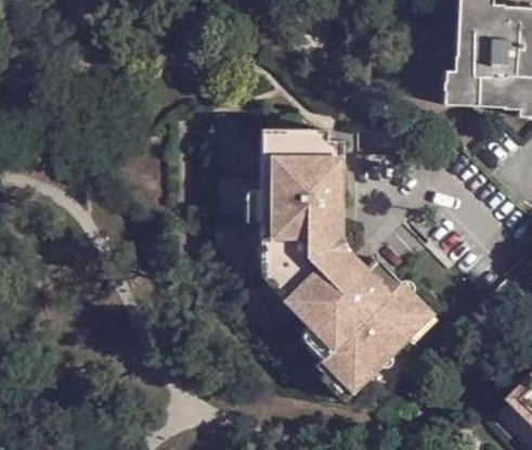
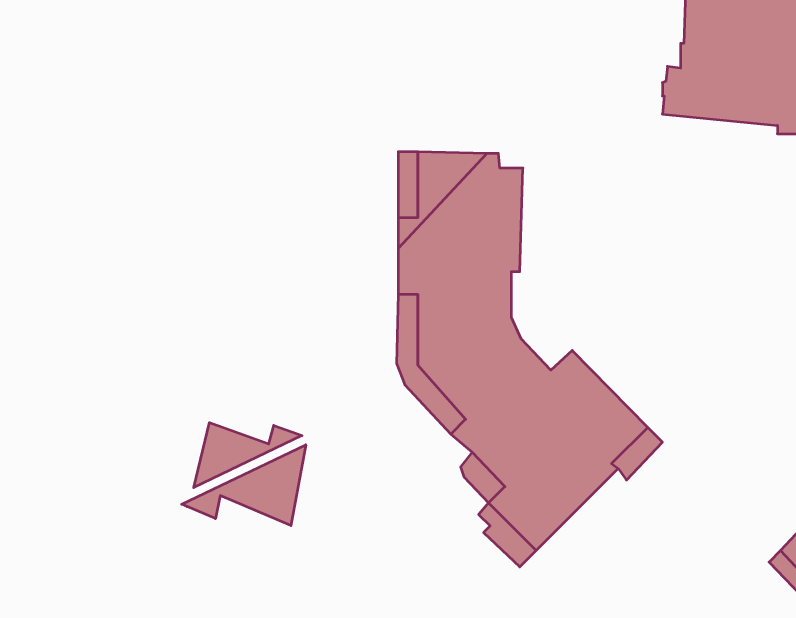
building: none -> [194,423,302,488]
building: none -> [182,445,306,526]

